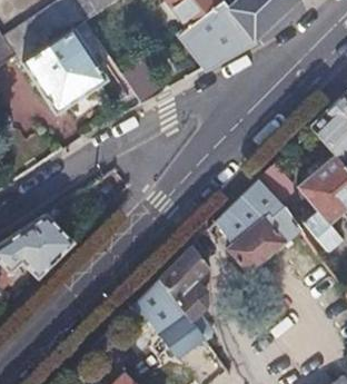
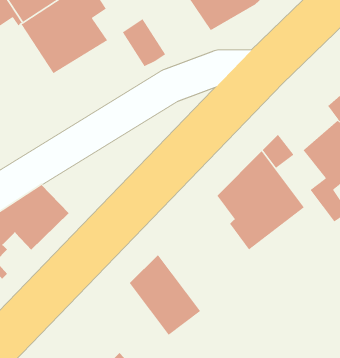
building: [158,247,215,349] -> none

